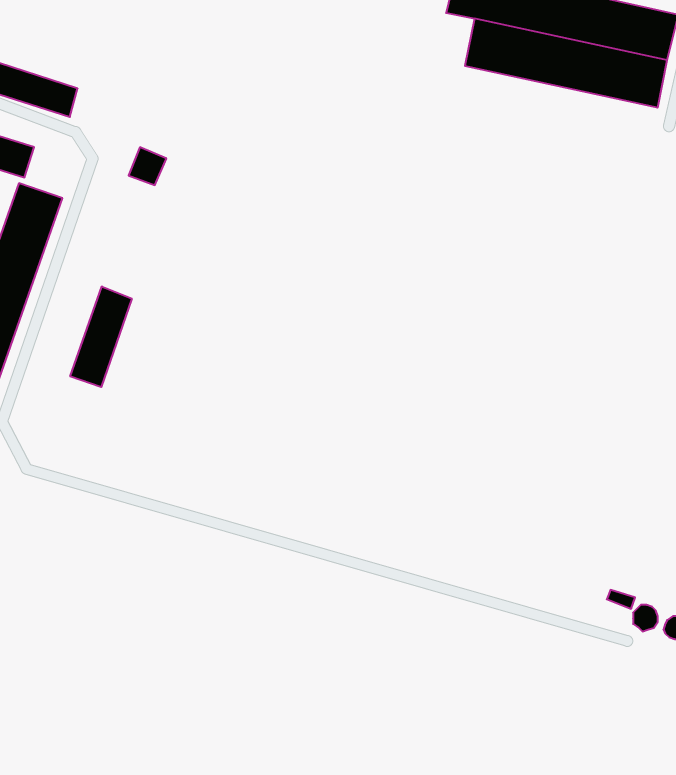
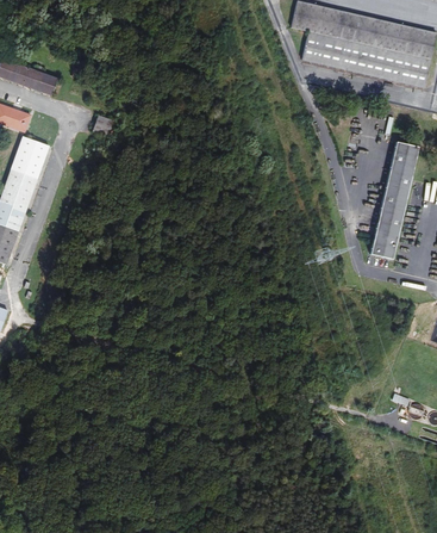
building: none -> [372,142,418,261]
building: [70,286,132,387] -> none

